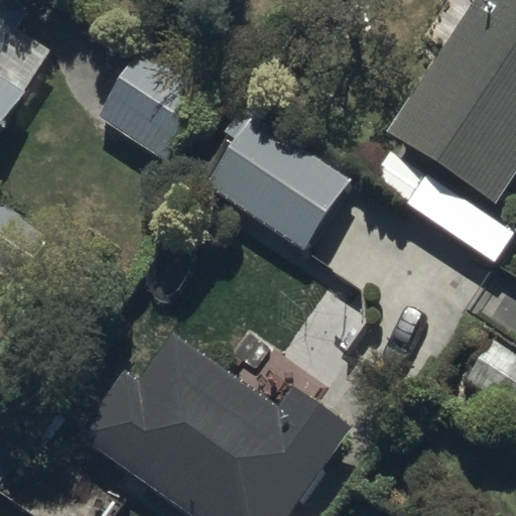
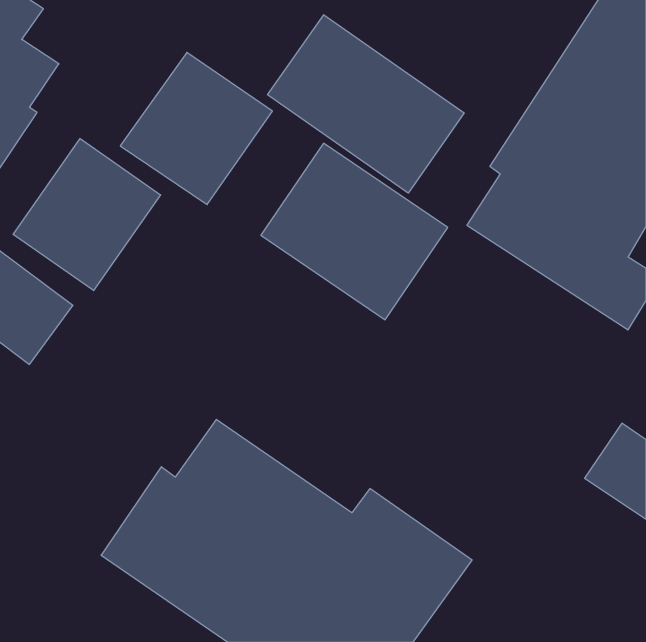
building: none -> [268,15,464,193]
building: none -> [13,139,161,291]

